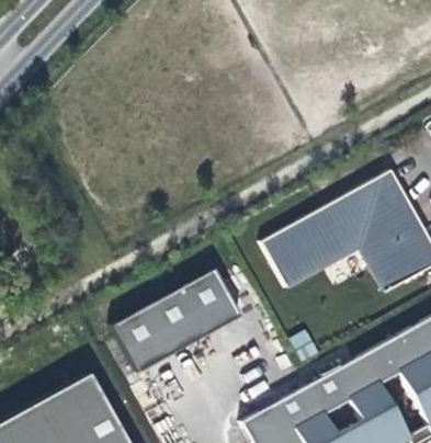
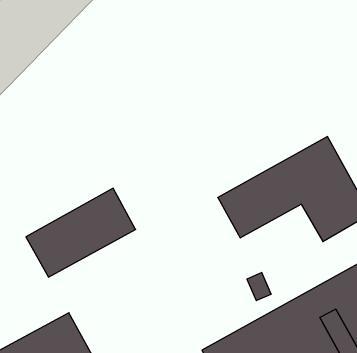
building: [114,266,242,371] -> [26,188,136,277]

